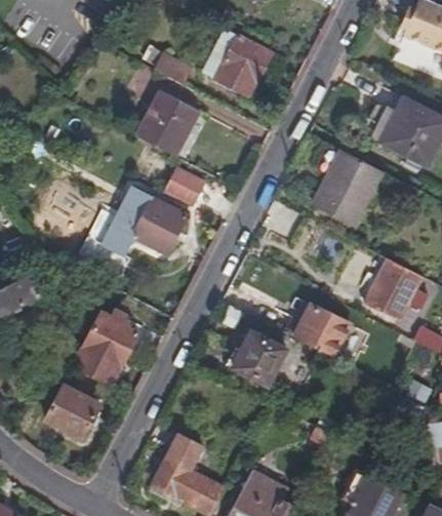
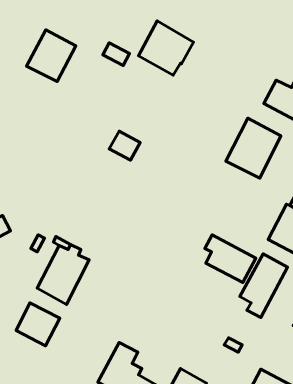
building: [138,91,201,157] -> [26,30,76,82]
building: [102,186,186,254] -> none
building: none -> [240,254,288,317]
building: [235,331,288,384] -> none

